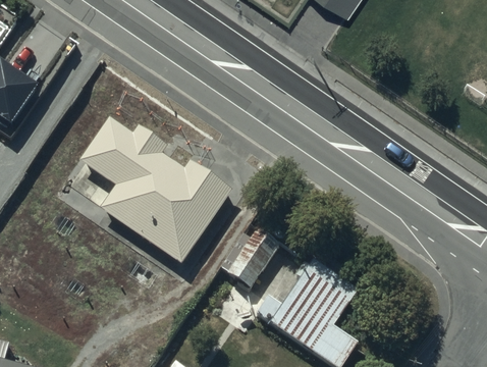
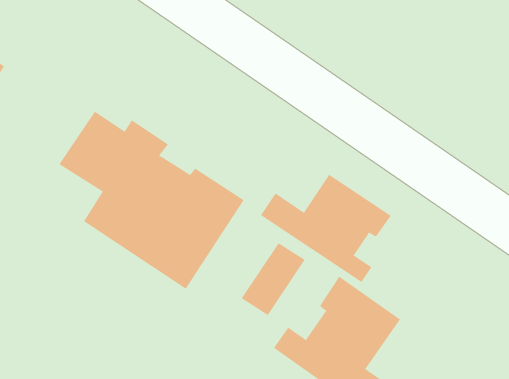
building: none -> [260,174,392,283]

